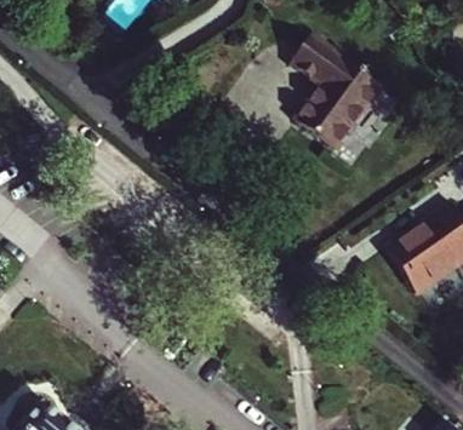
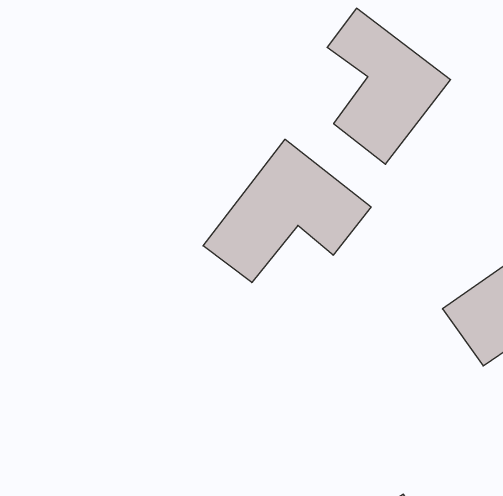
building: none -> [203,139,371,283]

